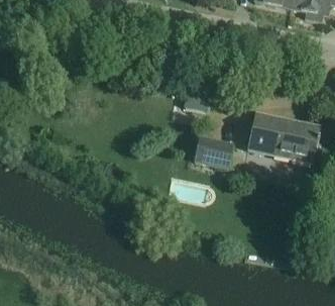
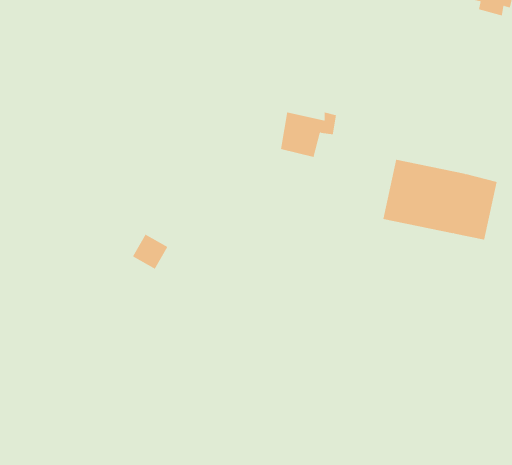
building: [194,136,232,169] -> none

